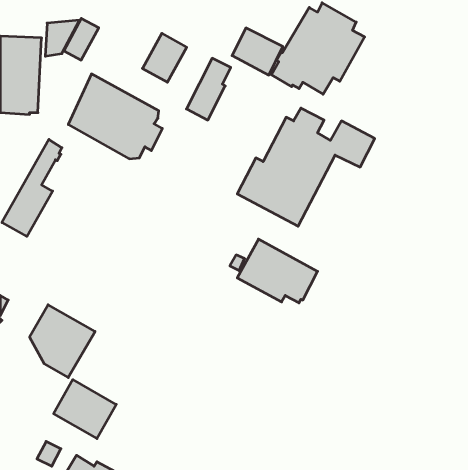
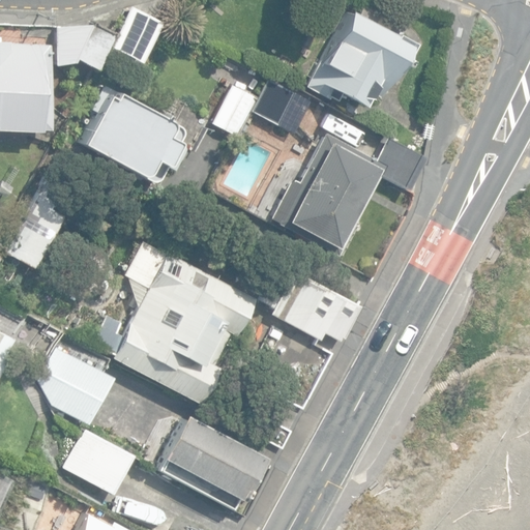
building: [232,28,283,75] -> [254,81,311,134]
building: [142,33,187,82] -> [111,7,160,62]
building: none -> [72,241,255,404]
building: none -> [157,414,263,509]

